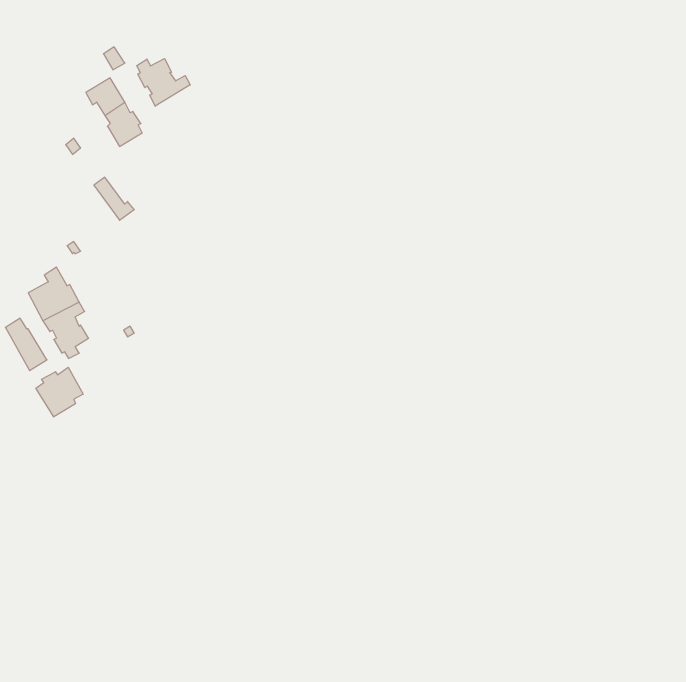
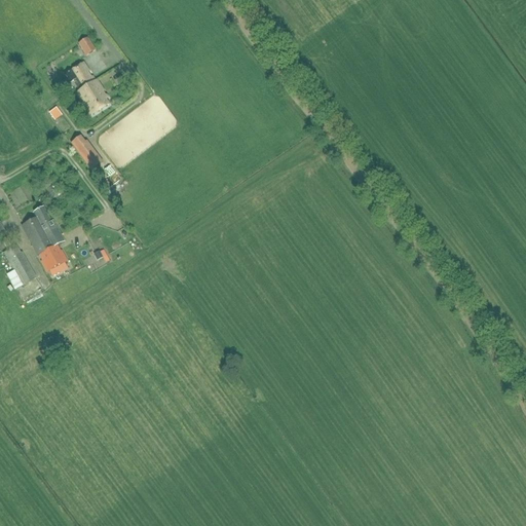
building: [137,59,190,106] -> none
building: [36,367,83,417] -> none

